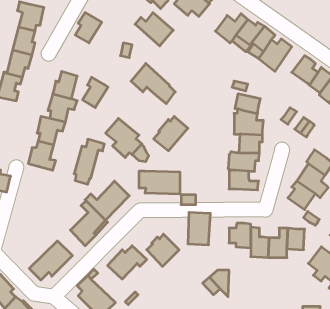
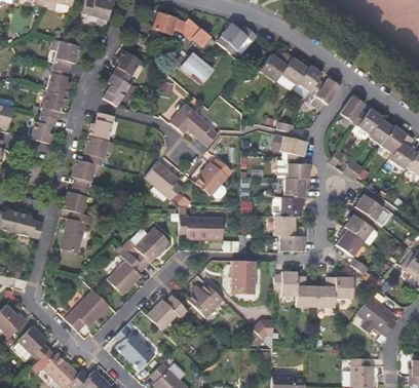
building: [83,77,108,108] -> [104,74,130,106]
building: [74,139,104,184] -> [61,211,92,259]
building: none -> [279,235,304,251]

